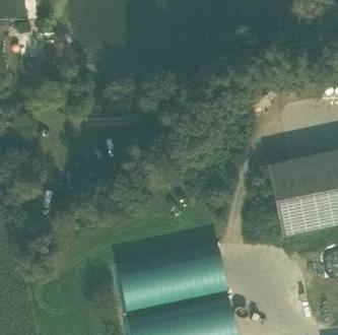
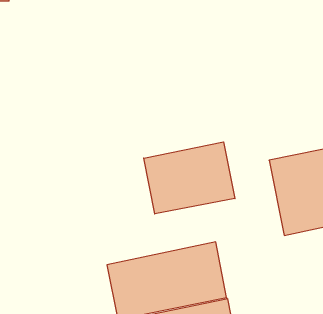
building: none -> [144,142,235,214]

